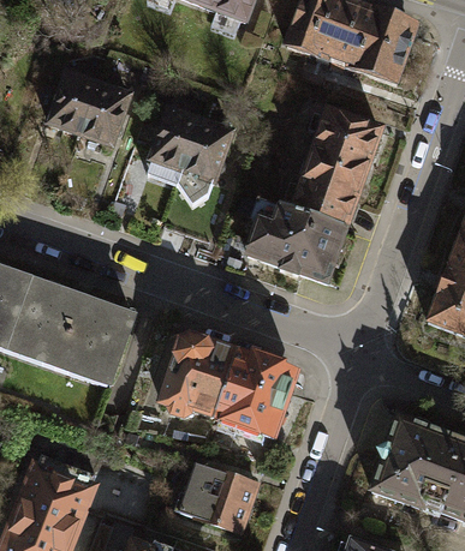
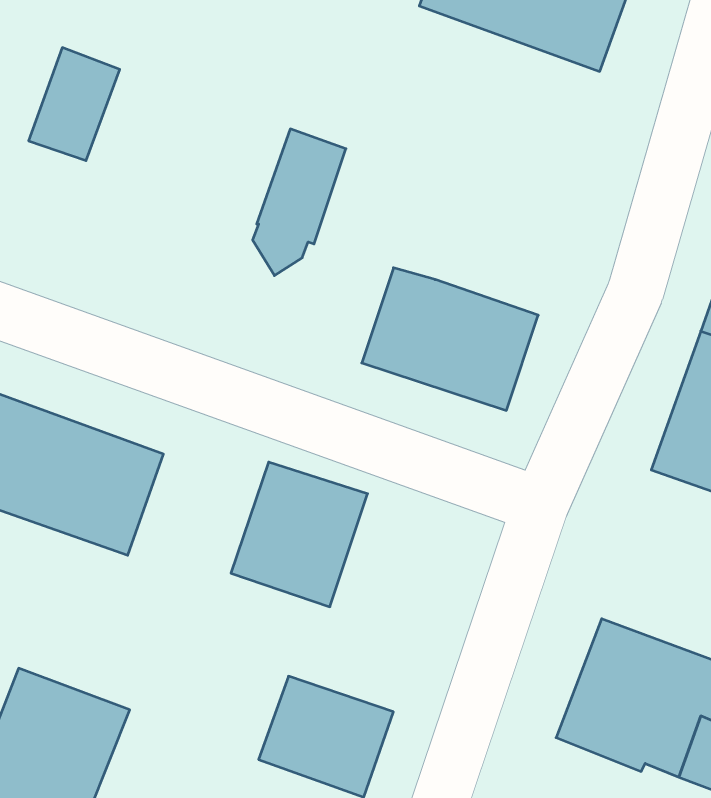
building: [78,83,132,151] -> none
building: [147,106,202,176] -> none
building: [290,107,387,232] -> none
building: [226,340,309,429] -> none

